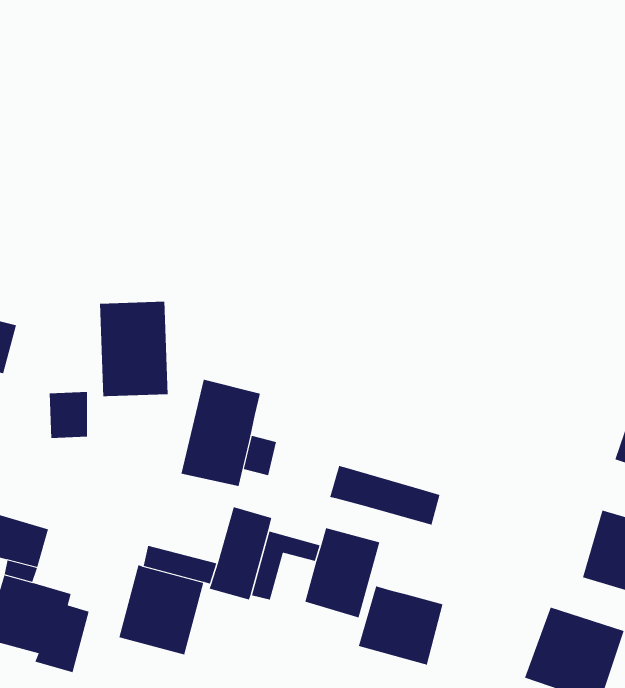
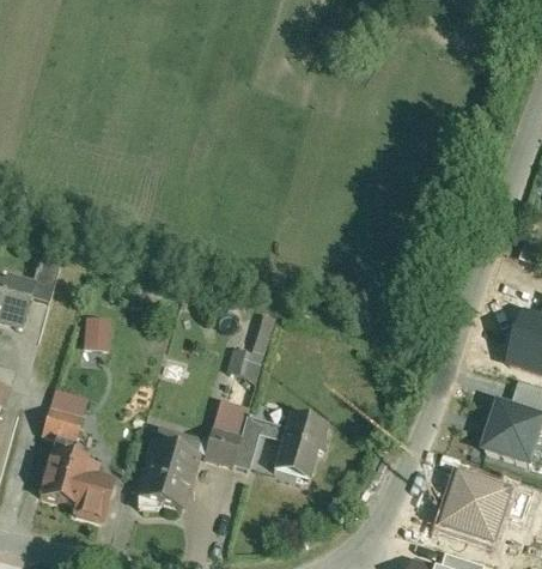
building: [100,301,168,397] -> none
building: [181,379,261,487] -> none
building: [329,465,440,526] -> none
building: [358,586,443,665] -> none

